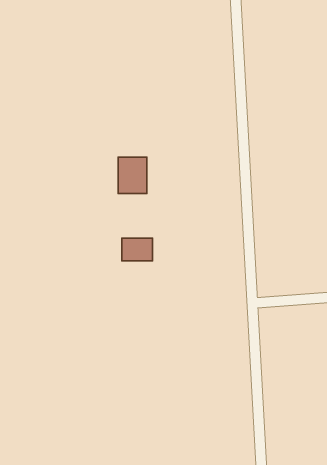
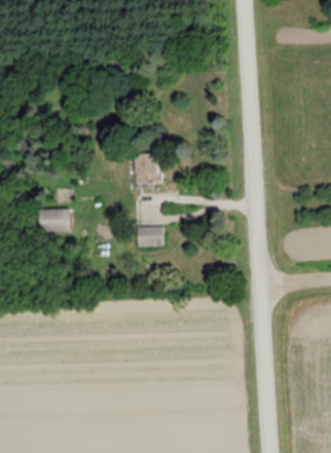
building: none -> [40,209,65,230]

